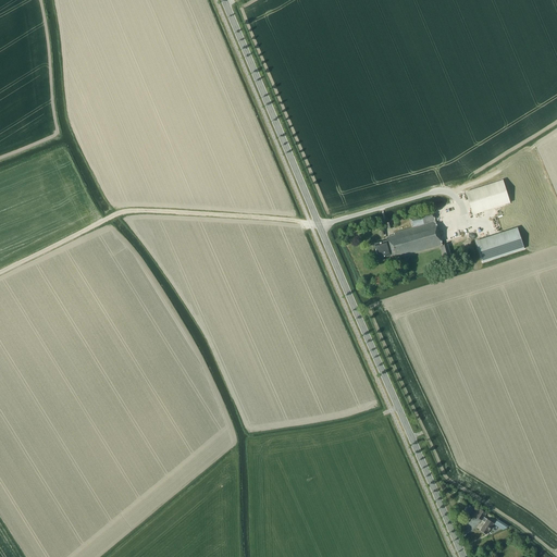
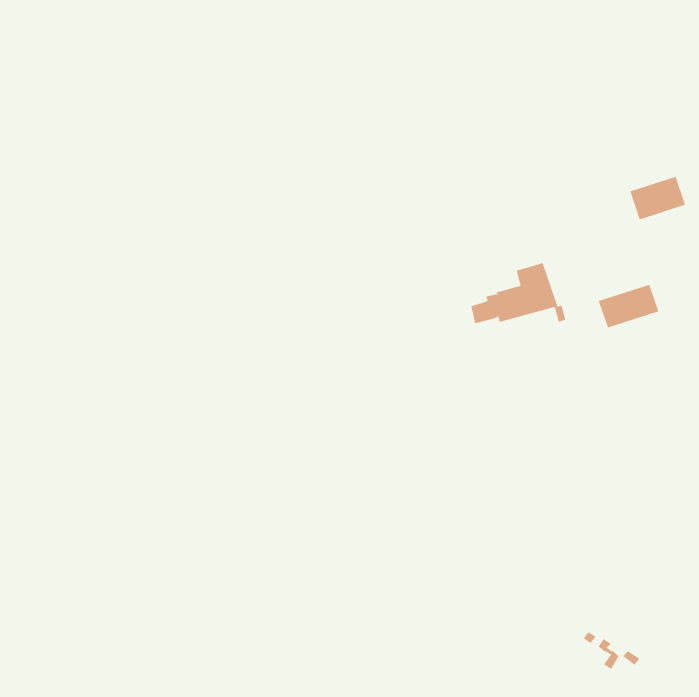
building: [466,180,510,214] -> [630,176,686,220]

